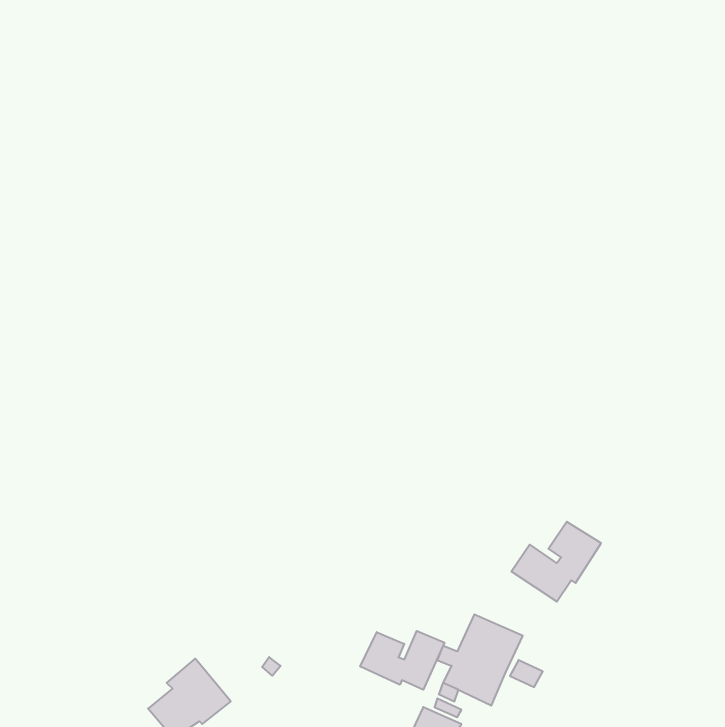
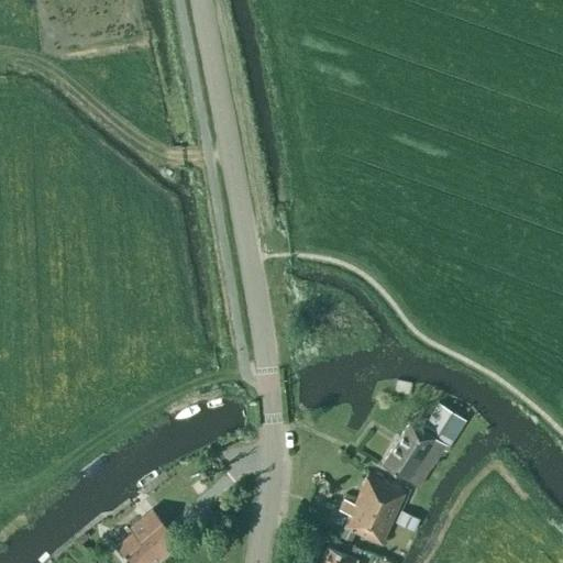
building: none -> [383,442,432,487]
building: [360,631,444,690] -> none

